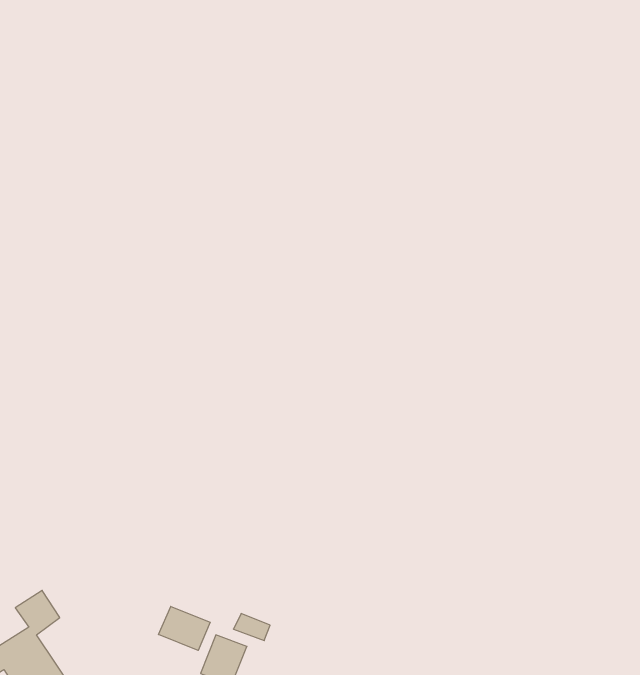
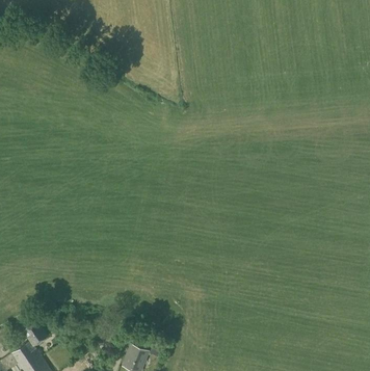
building: [159,606,210,650] -> none

